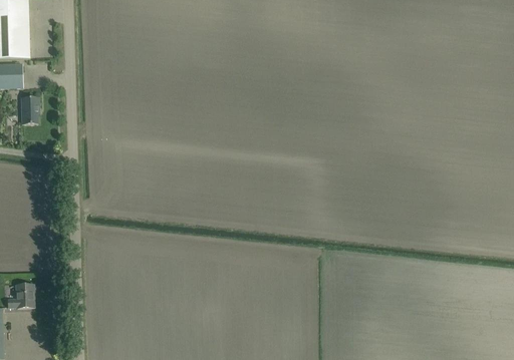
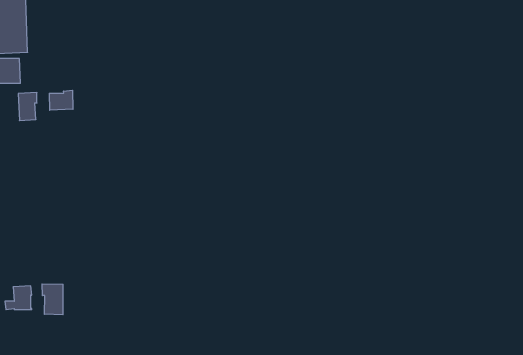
building: none -> [49,90,73,110]
building: none -> [42,284,63,315]

